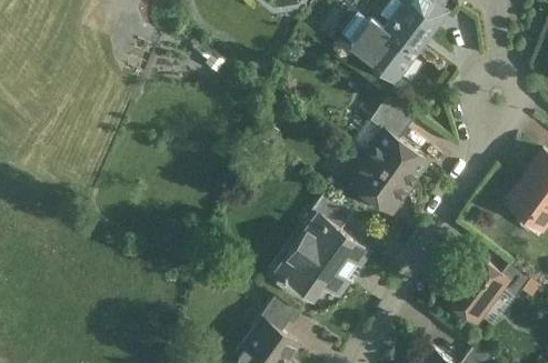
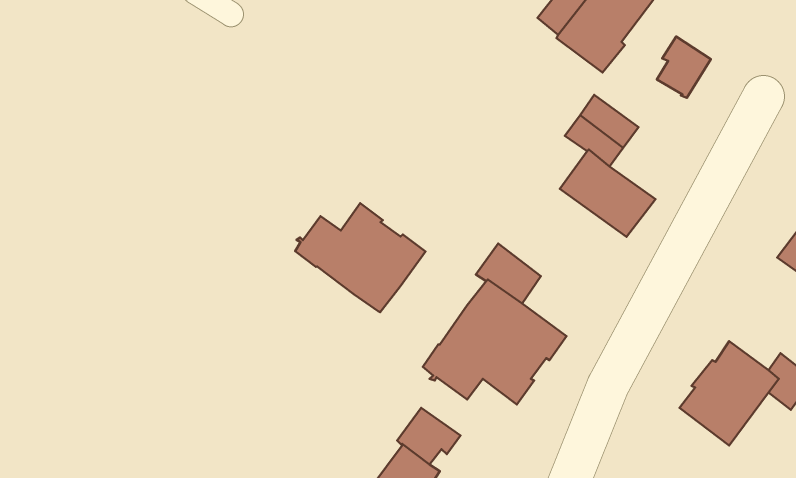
building: none -> [657,37,711,98]
building: [347,158,408,214] -> none
building: none -> [295,203,426,312]

